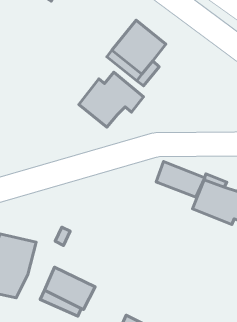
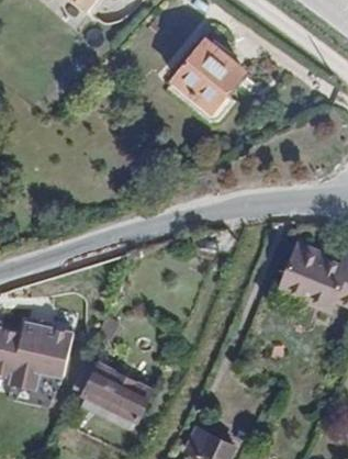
building: [79,72,144,127] -> none
building: [156,162,205,197] -> none

